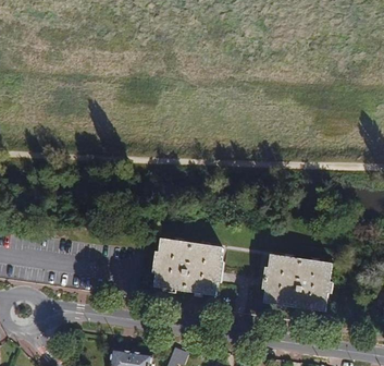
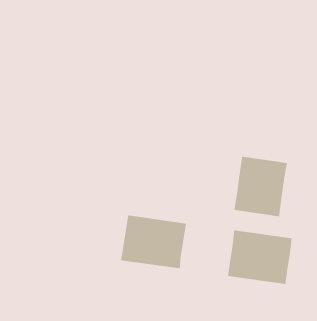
building: none -> [234,156,287,217]

